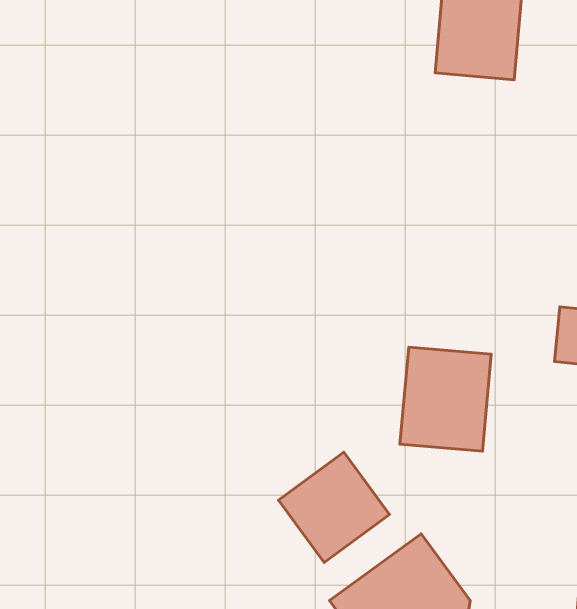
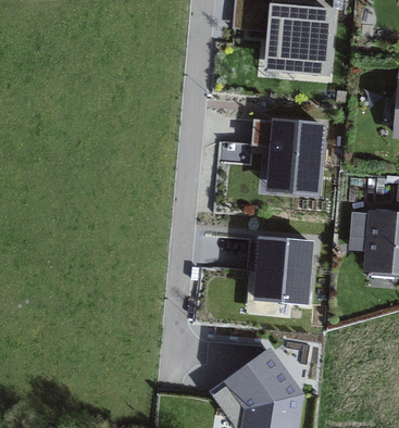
building: none -> [271,121,322,192]
building: [279,452,389,562] -> none

